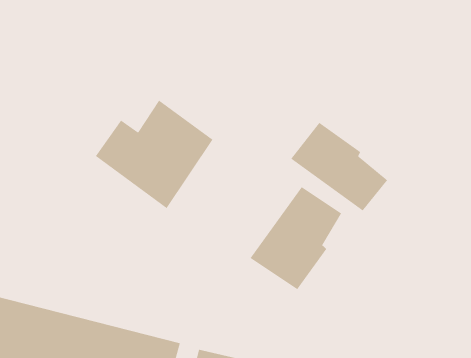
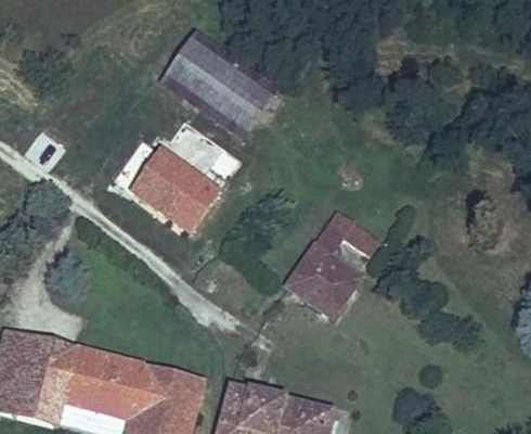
building: none -> [158,33,275,140]
building: [290,122,388,211] -> none

